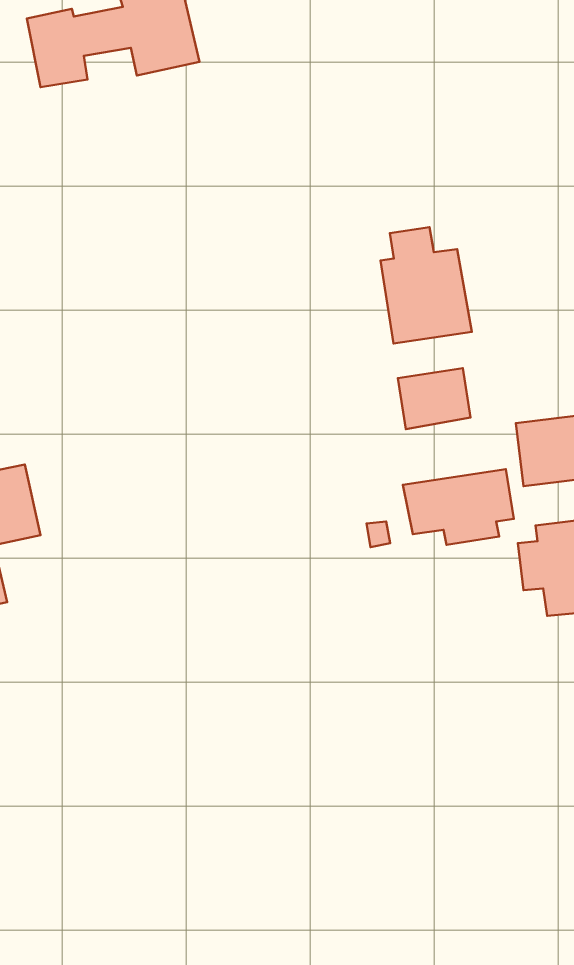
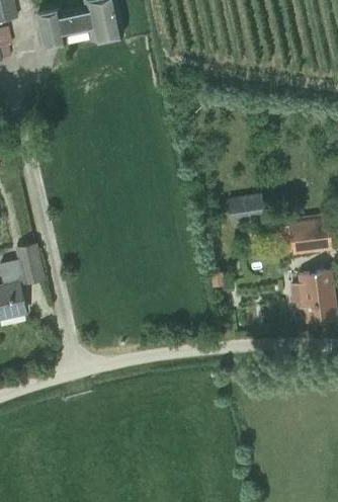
building: [381,227,472,343] -> none
building: [403,469,514,545] -> none

